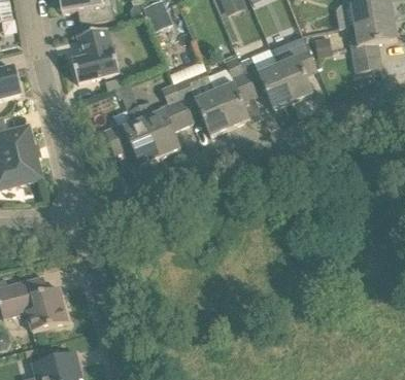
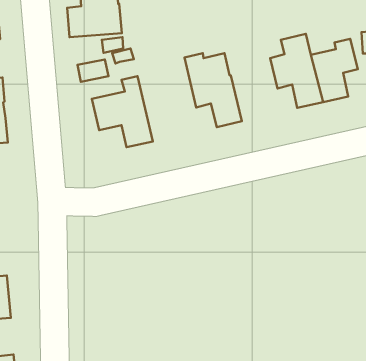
building: [214,56,255,128] -> none
building: [138,83,191,157] -> none

